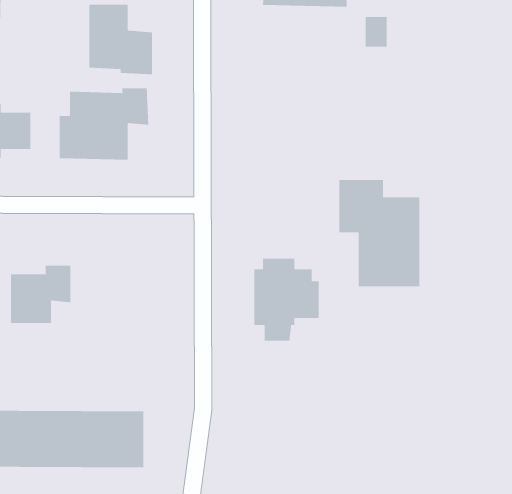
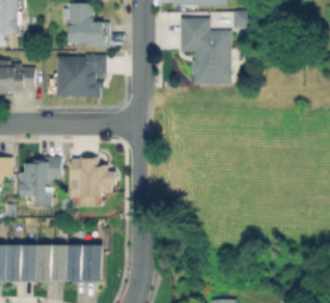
building: [339,179,420,287] -> [182,19,230,83]
building: [254,258,320,341] -> [73,156,112,205]

